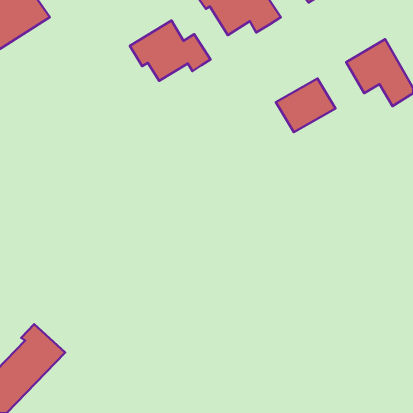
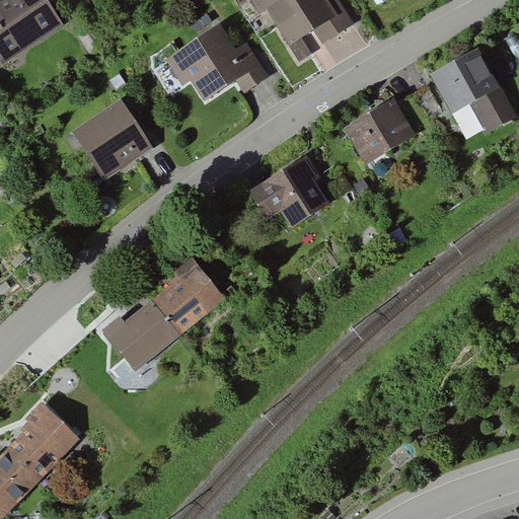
building: none -> [71,97,152,177]
building: none -> [249,159,329,227]
building: none -> [103,255,226,369]

